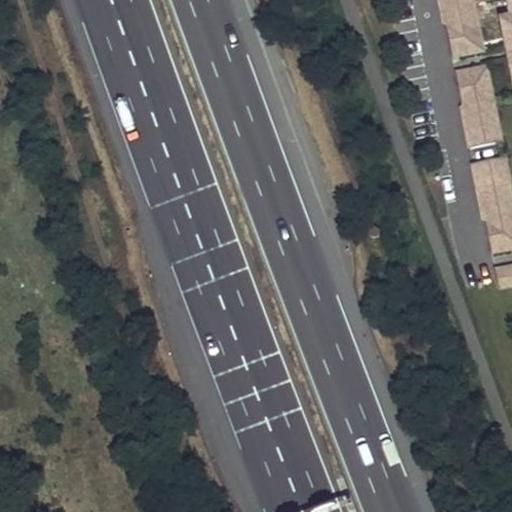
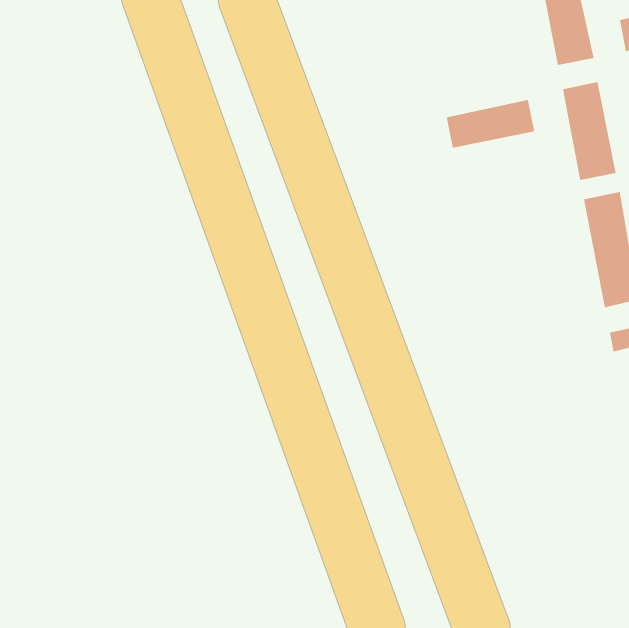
building: none -> [446,99,535,149]

